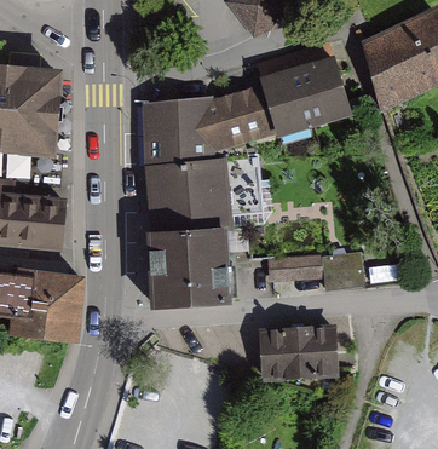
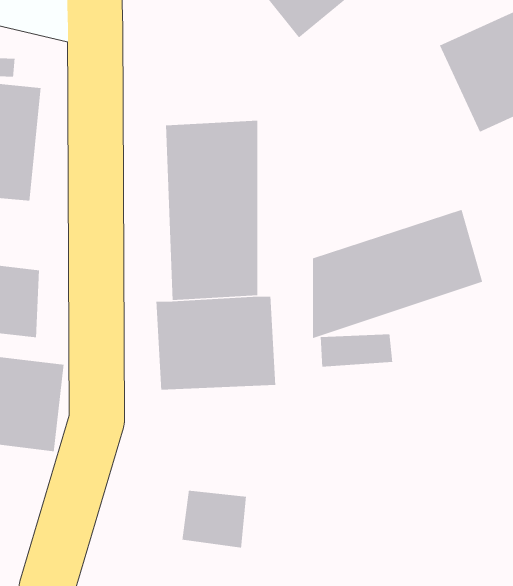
building: [221,59,348,156] -> [312,209,483,339]
building: [264,328,336,384] -> none

